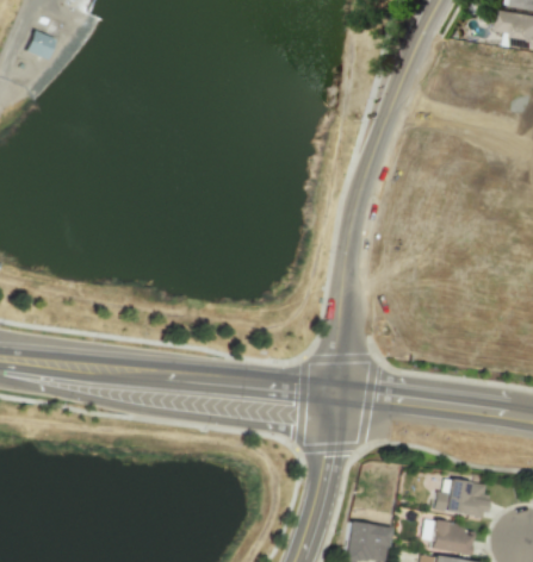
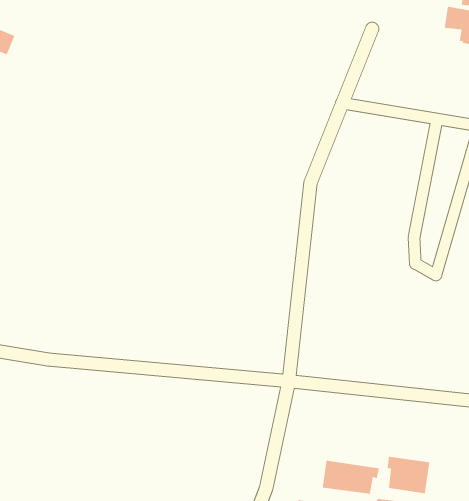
building: none -> [322,460,380,495]

